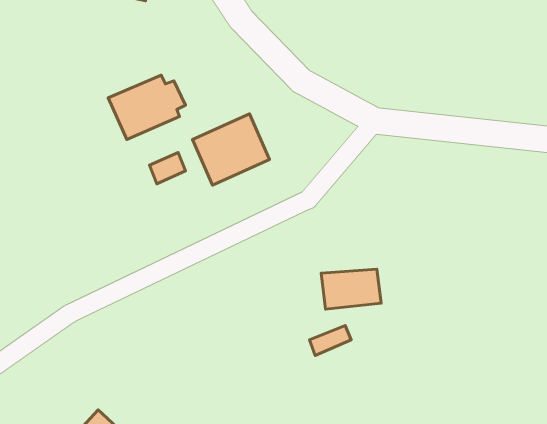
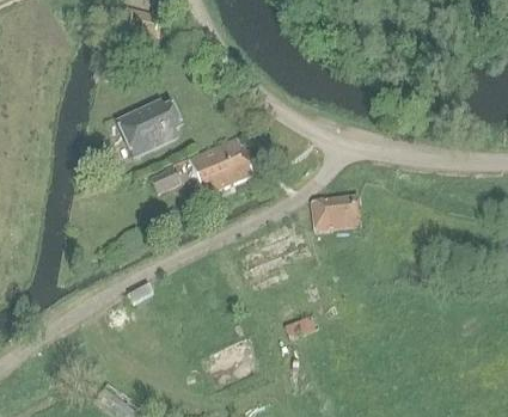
building: [321,269,381,309] -> [310,196,360,229]

